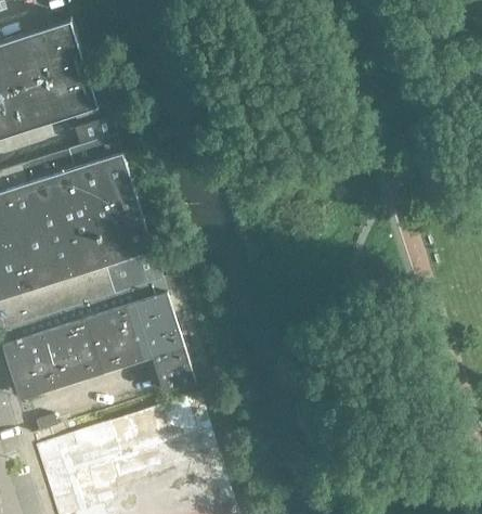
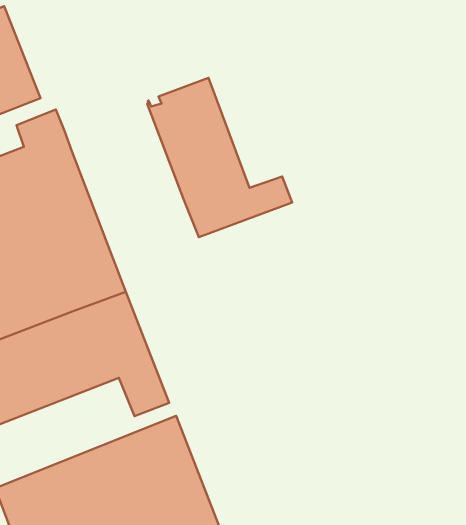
building: none -> [147,78,292,237]

